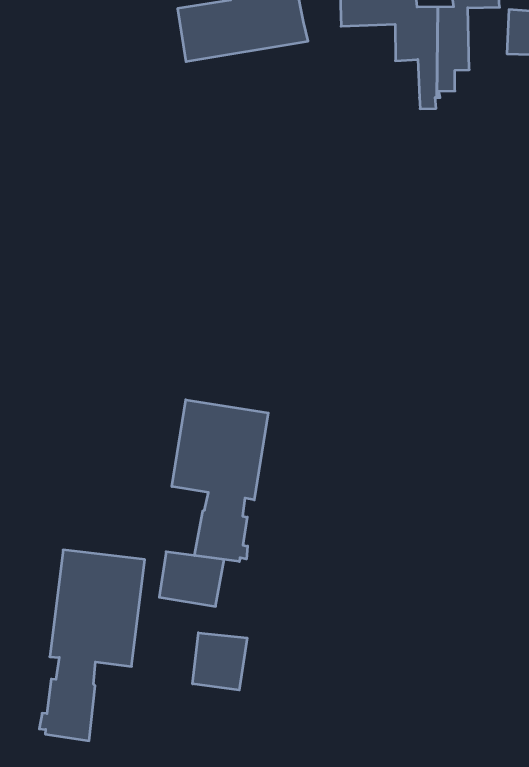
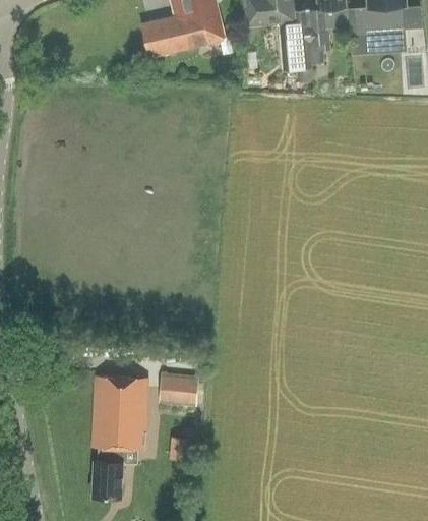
building: [172,400,268,562] -> none
building: [193,633,247,690] -> none

